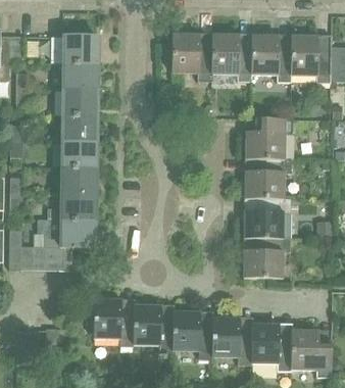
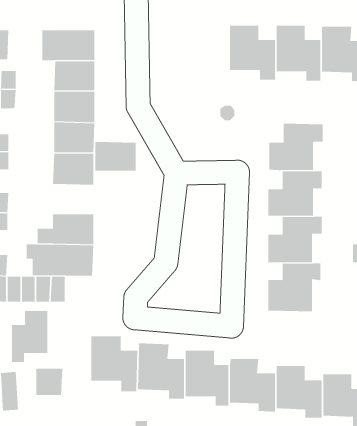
building: [171,32,211,79] -> none
building: [60,168,96,194] -> [95,141,136,171]
building: none -> [11,310,48,363]

